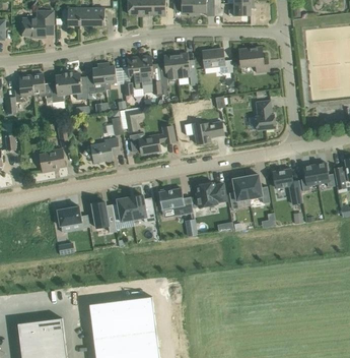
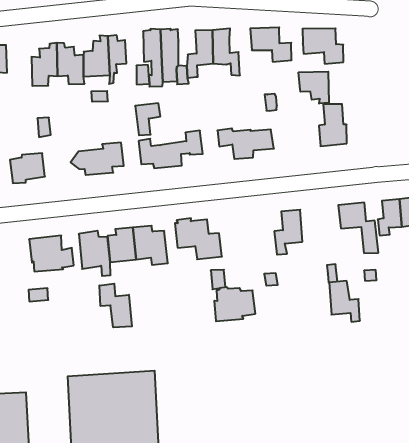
building: [31,73,53,105] -> none
building: none -> [299,72,329,104]
building: [246,174,269,202] -> [329,281,360,322]
building: [196,182,225,206] -> [214,287,255,321]
building: none -> [99,284,132,327]

